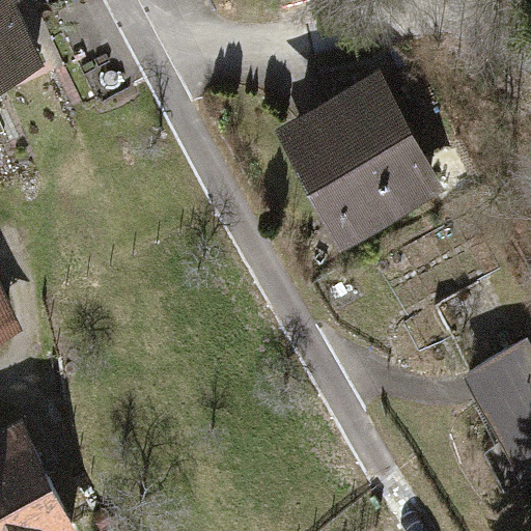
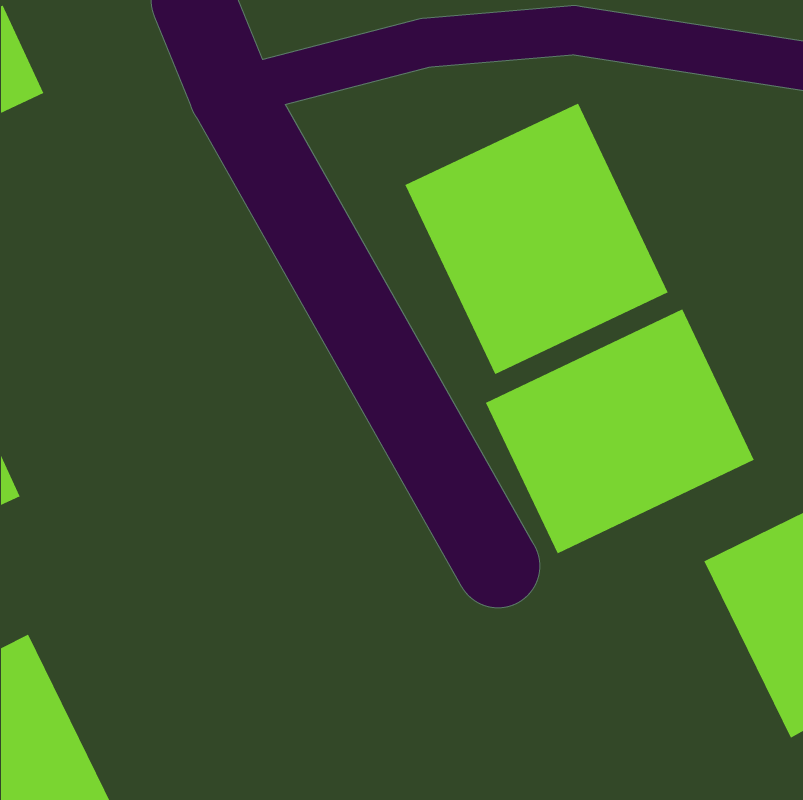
building: none -> [485,308,755,554]

